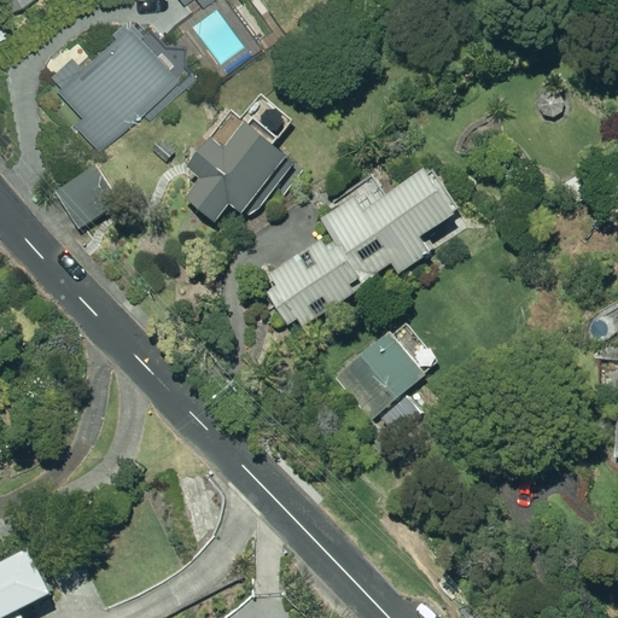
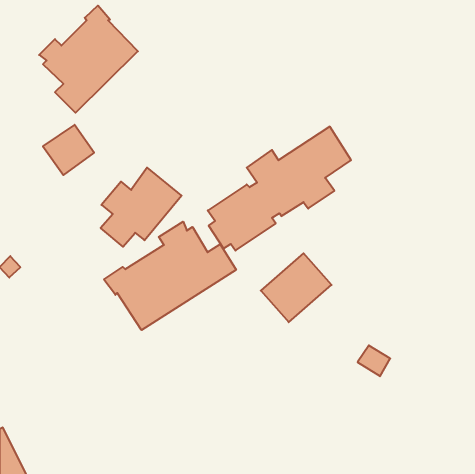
building: [186,116,291,218] -> [101,168,182,247]
building: none -> [104,222,236,330]

